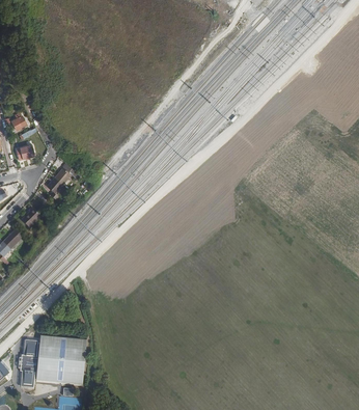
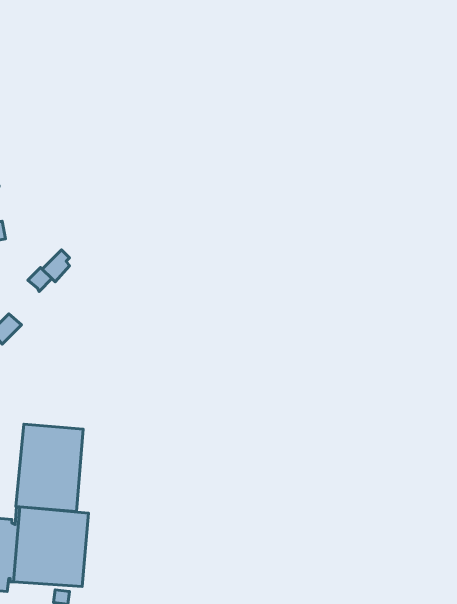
building: none -> [16,424,83,512]

